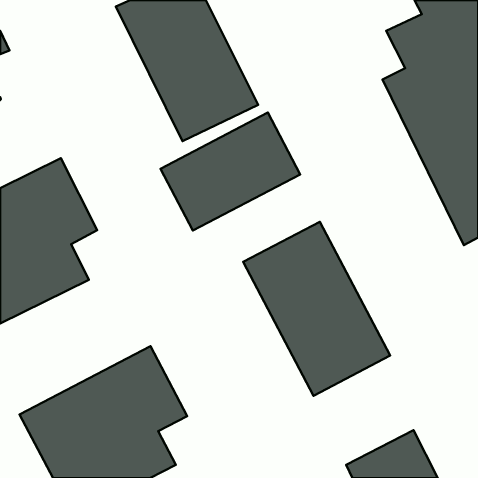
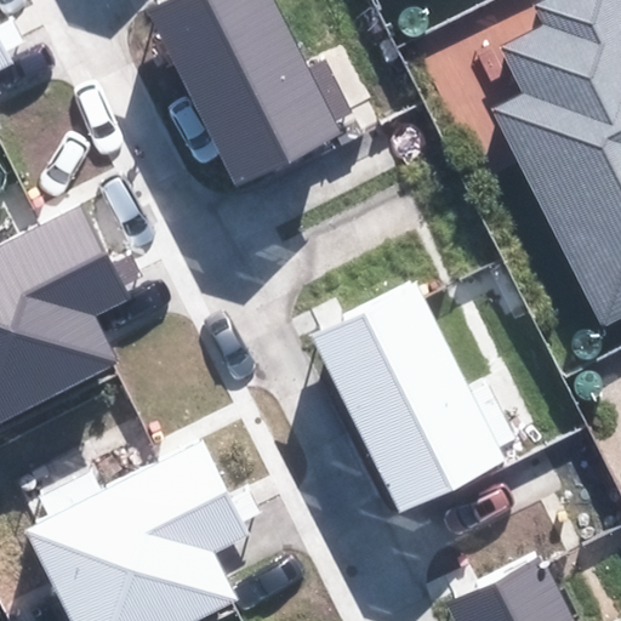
building: [160,113,300,231] -> none

